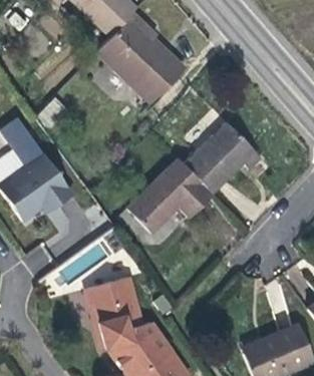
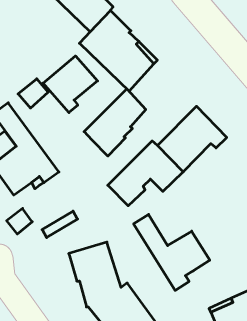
building: none -> [43,56,98,113]
building: none -> [84,89,146,156]
building: none -> [134,214,210,290]

